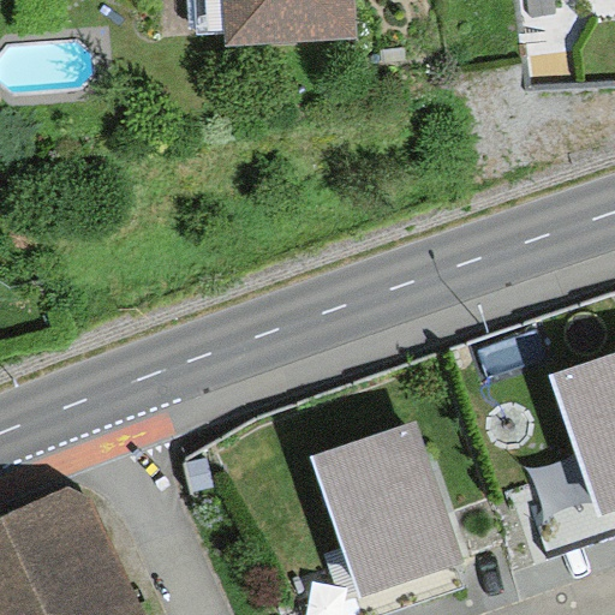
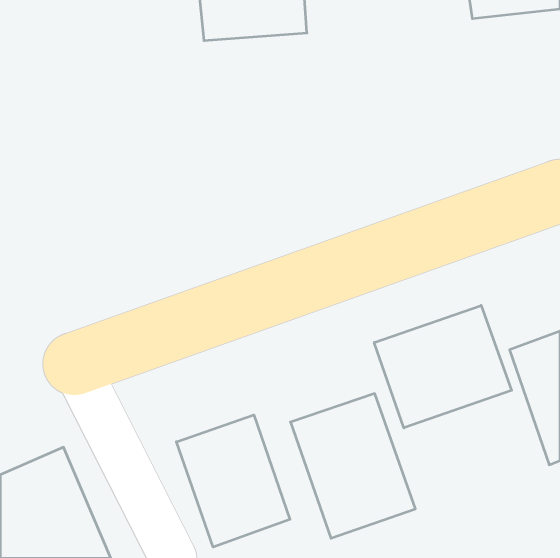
building: none -> [374,305,512,428]
building: none -> [176,415,290,547]

